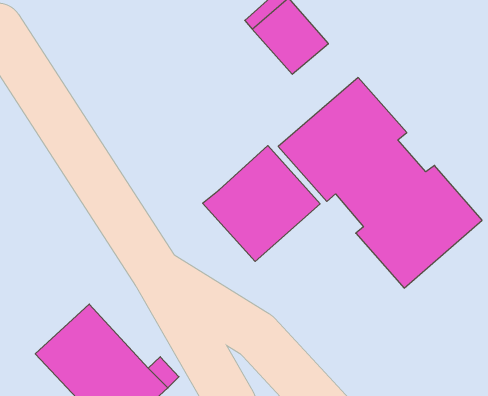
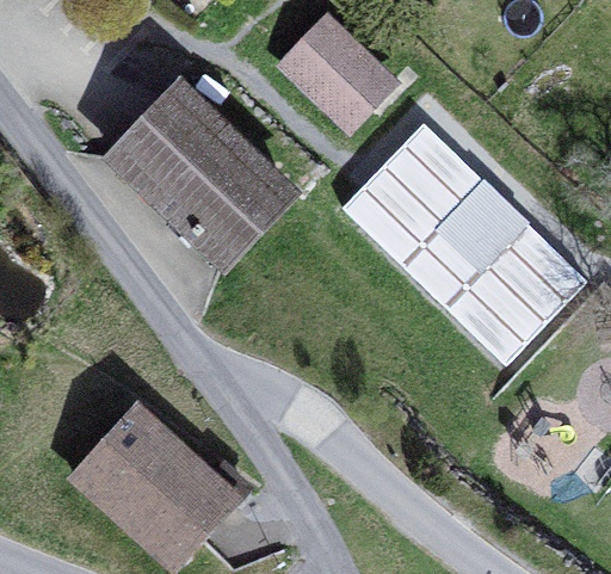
building: none -> [116,90,290,261]
building: [203,146,320,261] -> none

